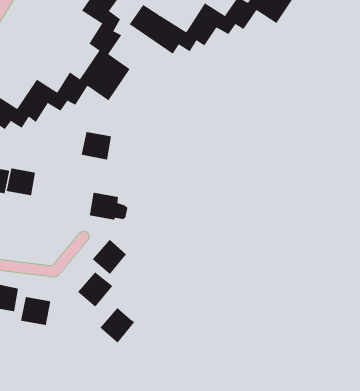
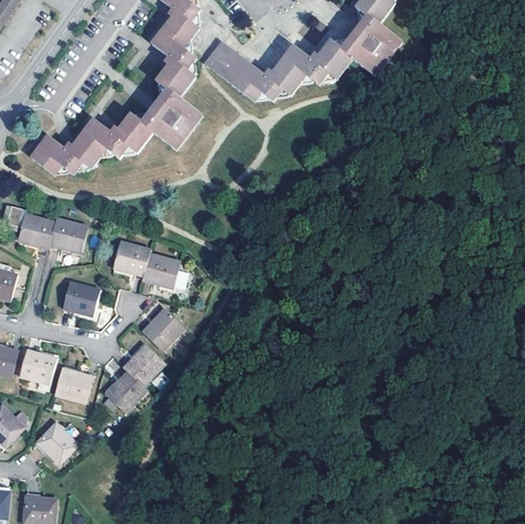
building: [81,131,112,160] -> [112,240,149,275]
building: none -> [61,281,98,315]
building: [99,307,135,343] -> [104,369,146,411]
building: none -> [35,421,77,463]

